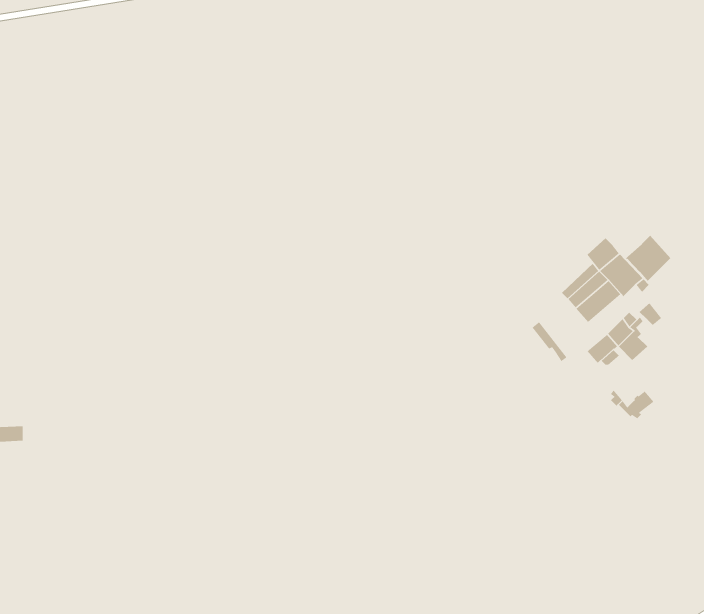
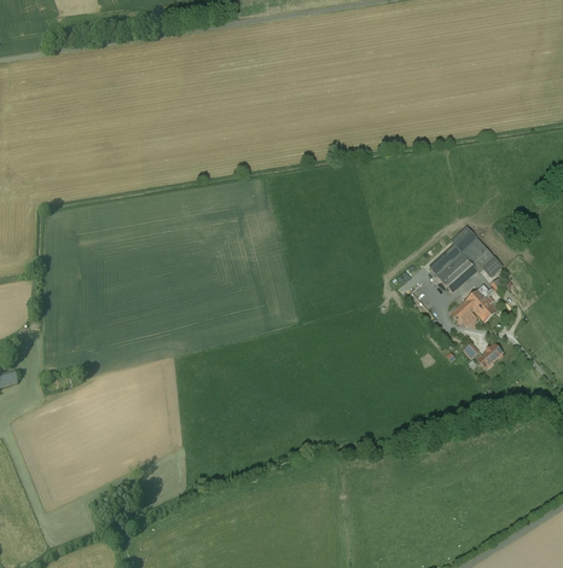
building: [624,235,671,282] -> none

